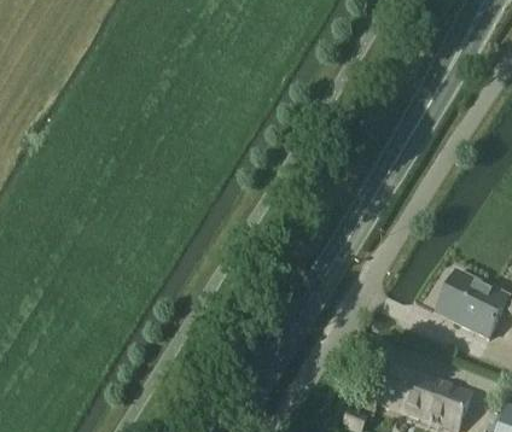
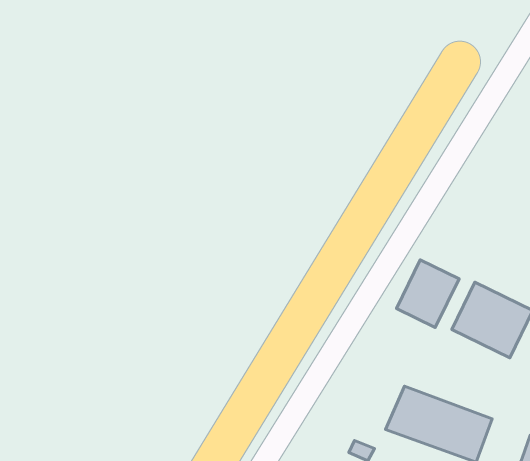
building: none -> [396,260,459,327]

